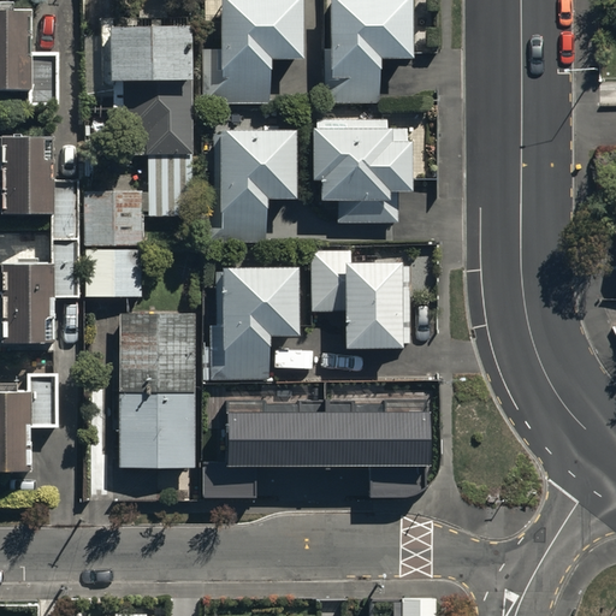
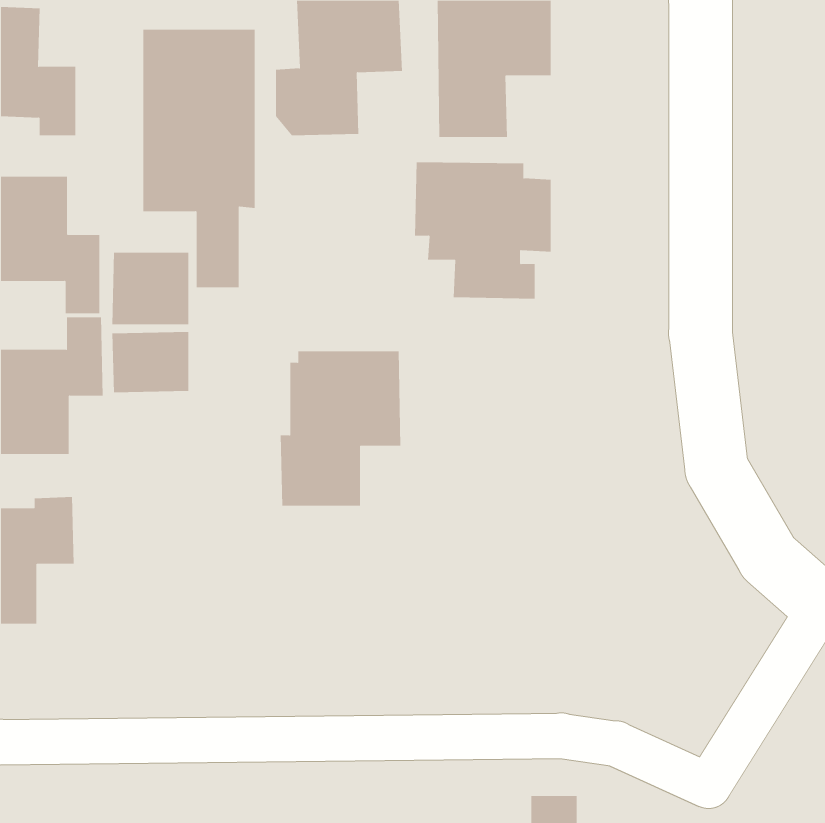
building: [214,129,300,242] -> none
building: [309,249,410,346] -> none
building: [120,314,194,467] -> none
building: [227,414,430,469] -> none

